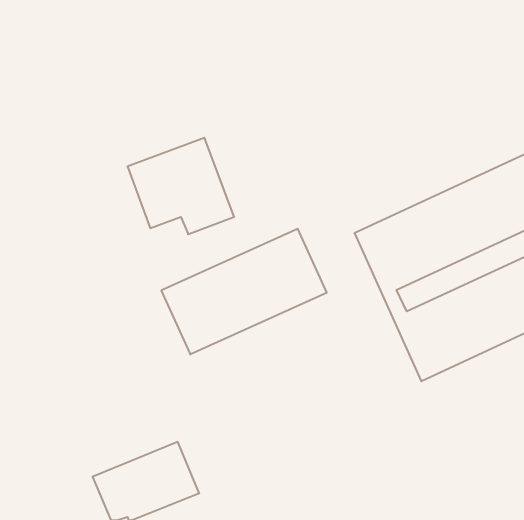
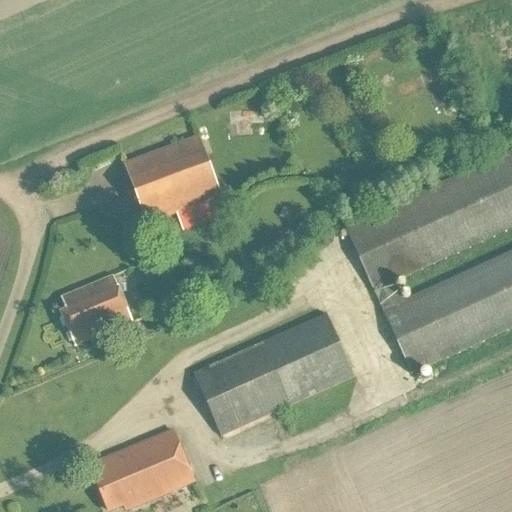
building: [161,229,327,354] -> [194,312,355,434]
building: none -> [62,274,134,344]

